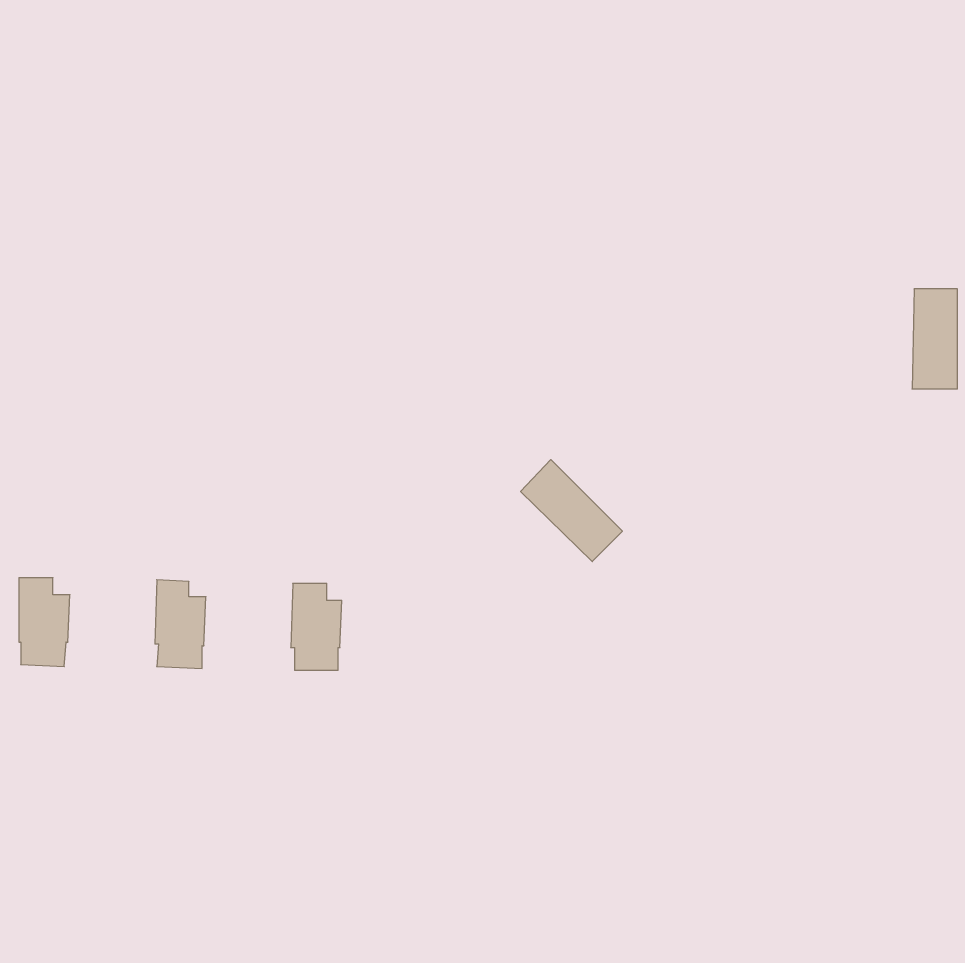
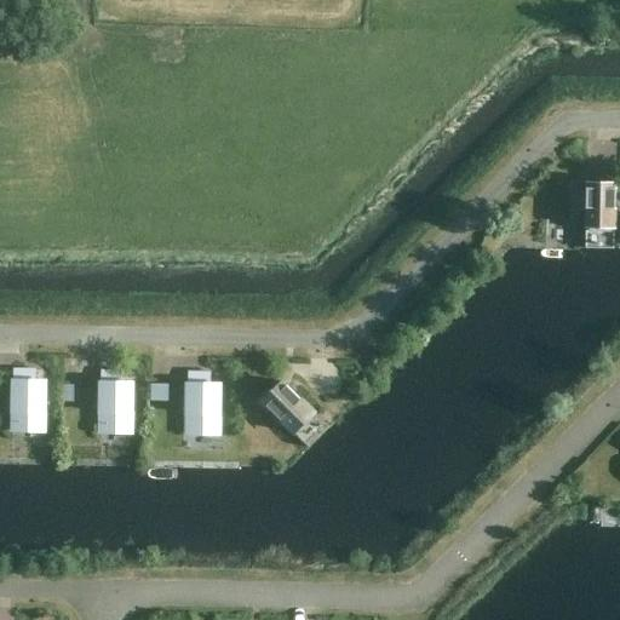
building: [521,460,622,562] -> [263,384,328,449]

